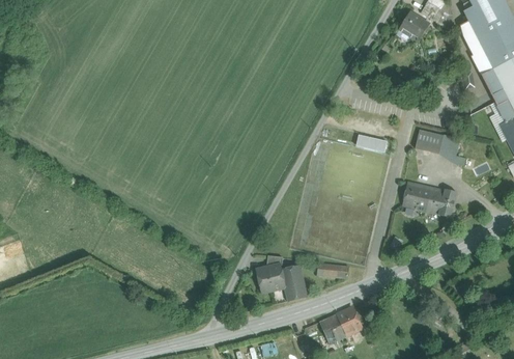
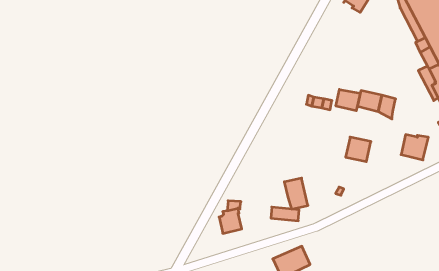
building: none -> [336,89,360,111]
building: [426,188,457,217] -> [401,135,428,160]
building: [280,266,307,301] -> [284,178,308,209]

